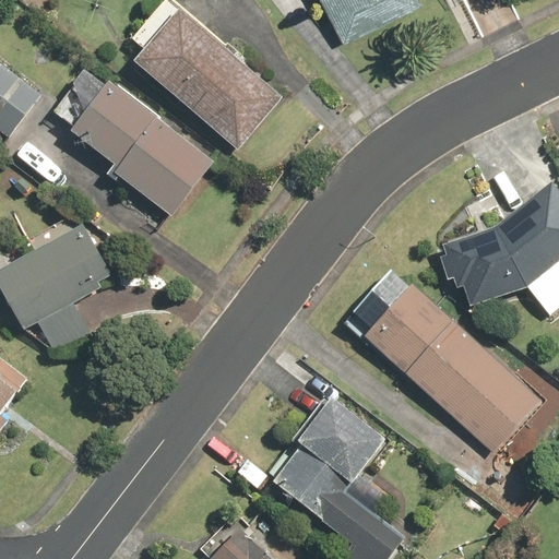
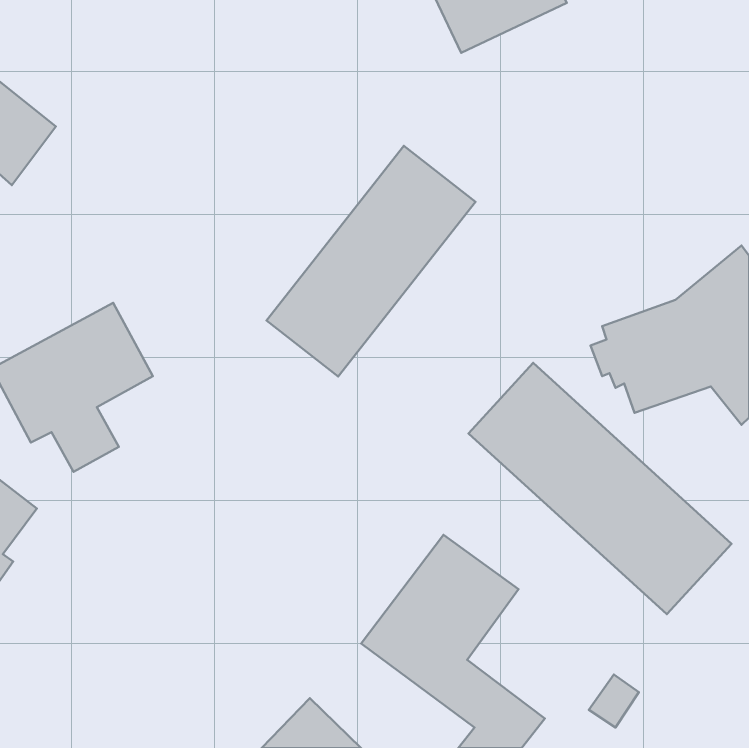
building: [134,8,283,147] -> none
building: [67,69,212,215] -> none
building: none -> [266,146,475,377]

